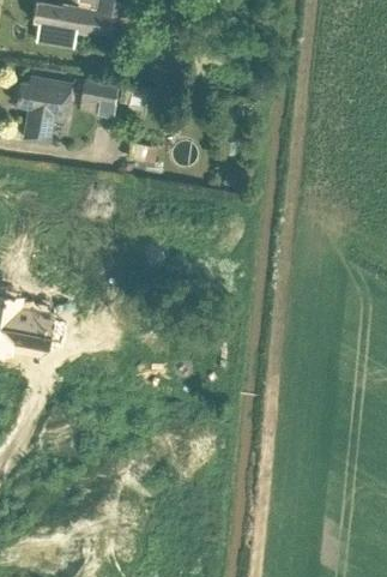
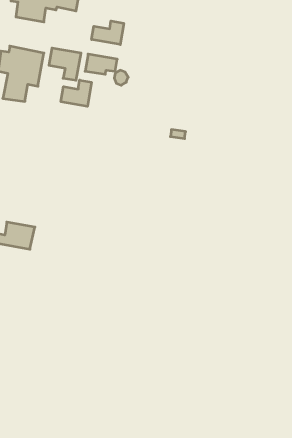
building: none -> [92,21,124,45]
building: none -> [61,80,91,106]

